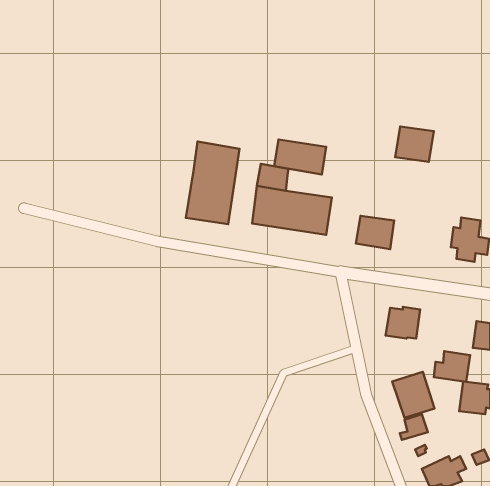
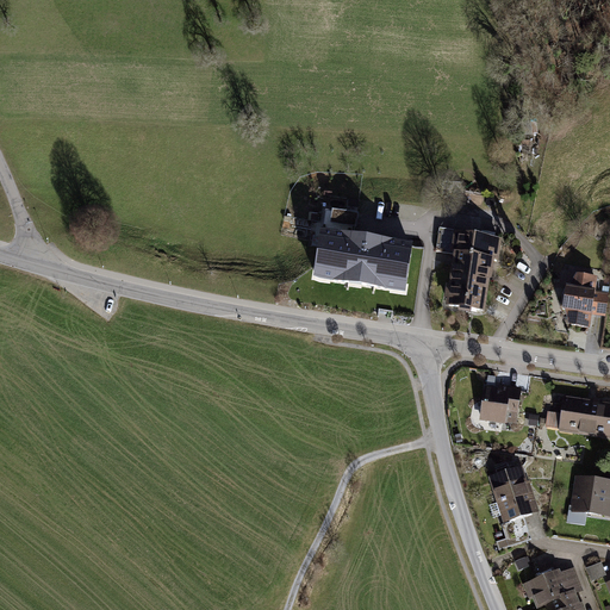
building: [395,126,434,162] -> [448,230,496,274]
building: [274,139,326,174] -> none
building: [186,141,240,224] -> none
building: [434,351,470,382] -> [547,394,592,432]

